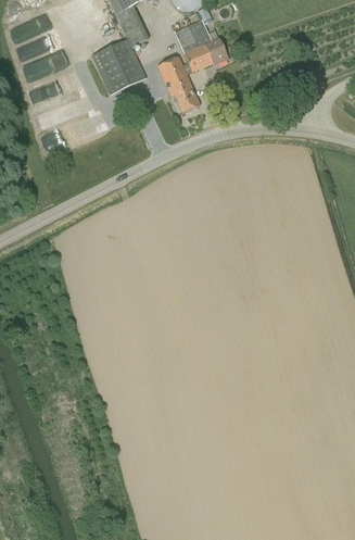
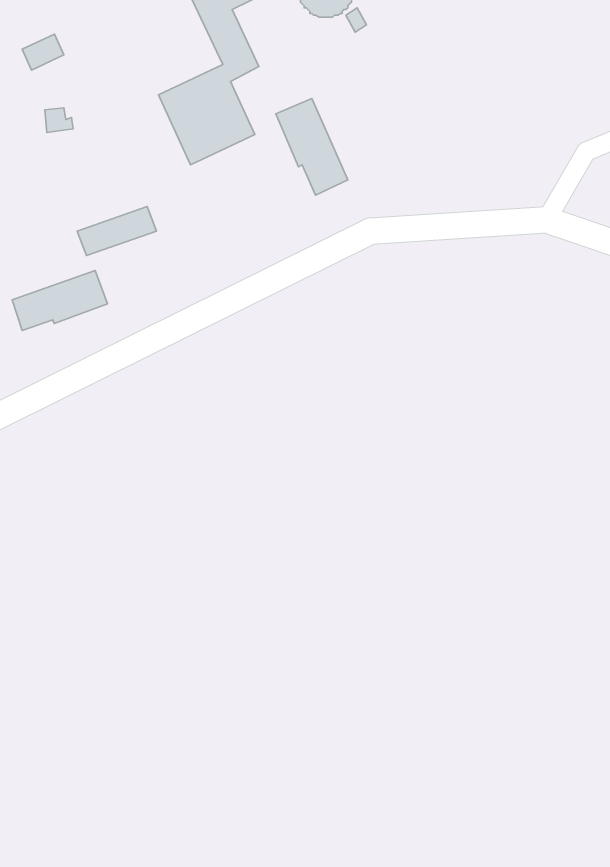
building: [175,20,228,73] -> none
building: none -> [12,271,108,331]

